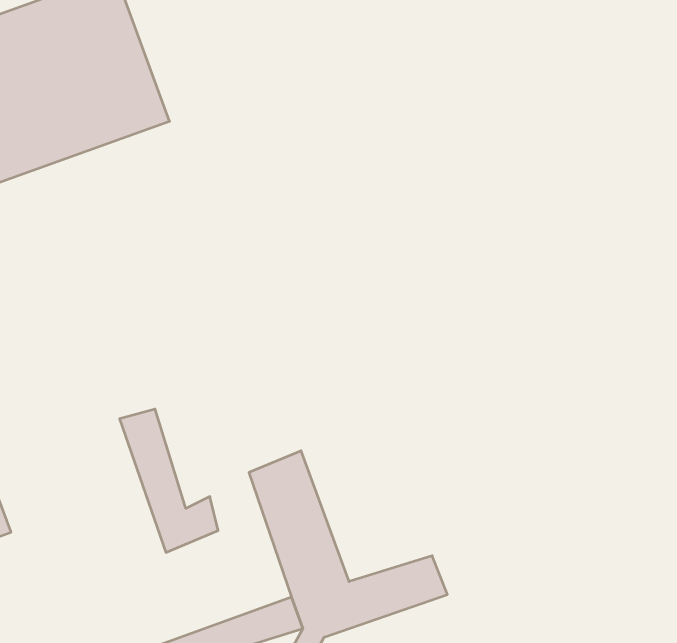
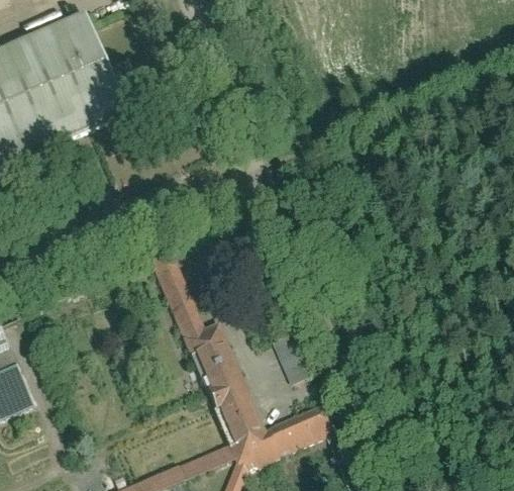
building: [120,409,218,552] -> [156,258,228,357]
building: none -> [270,331,310,385]

